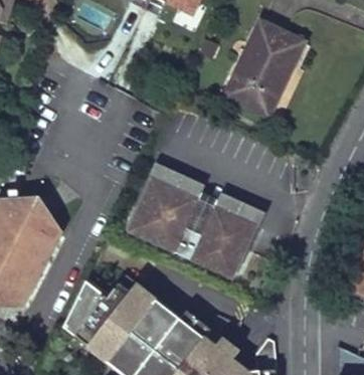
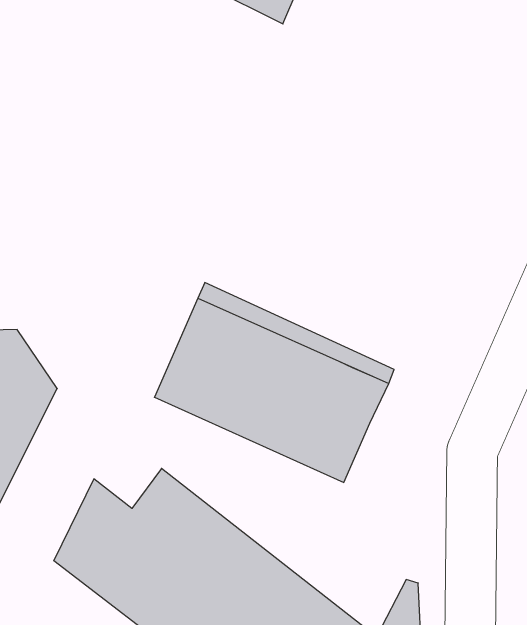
building: [227,22,300,115] -> none

